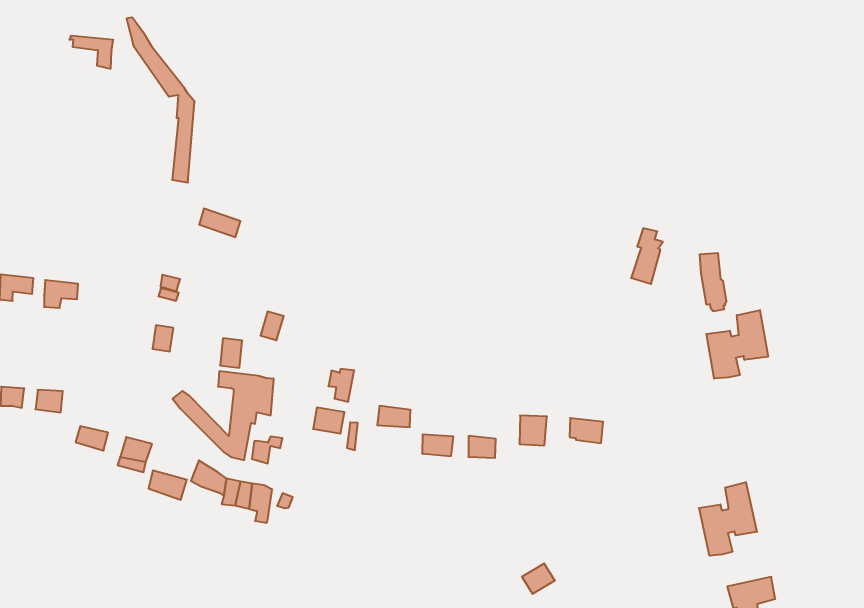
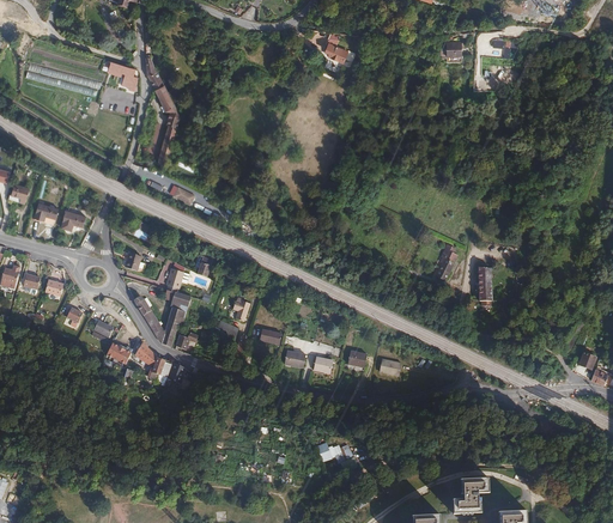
building: [706,310,768,379] -> none
building: [699,482,757,556] -> none

